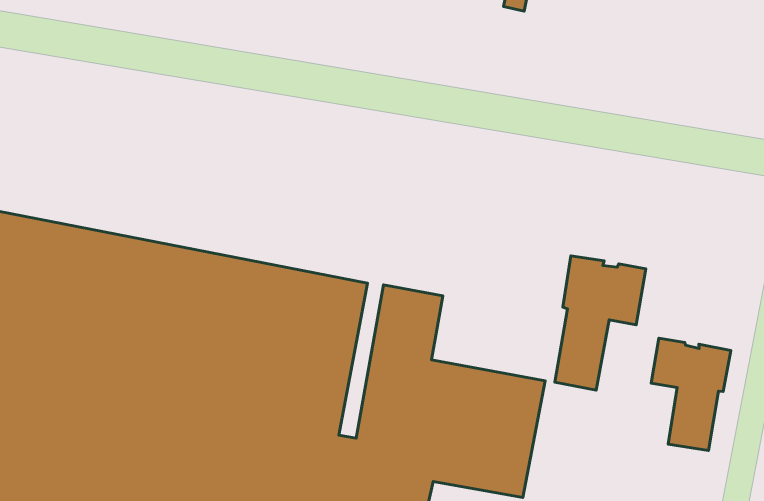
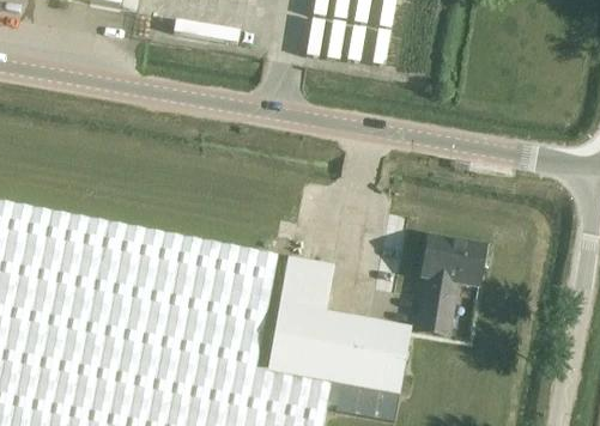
building: [651,338,731,450] -> none

